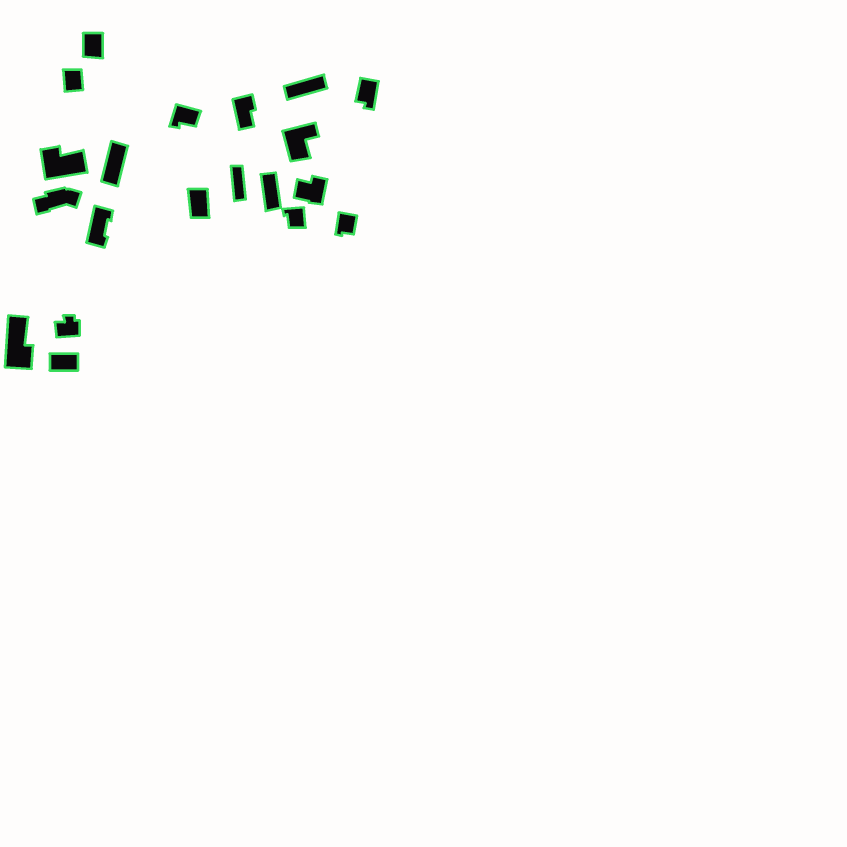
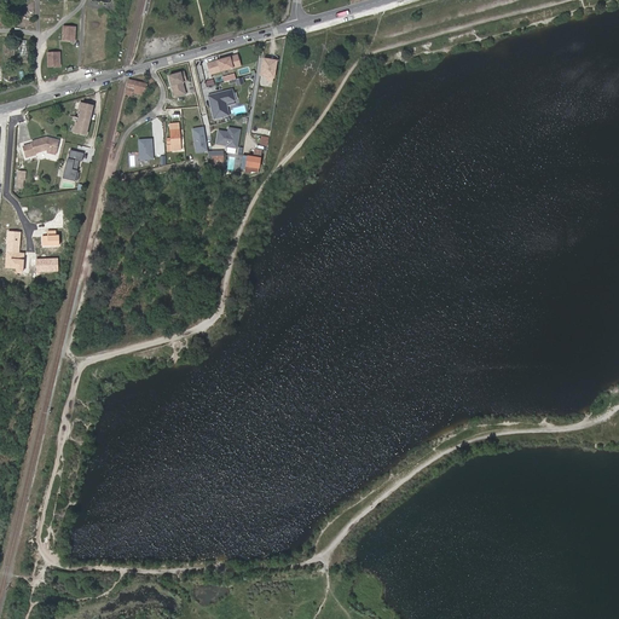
building: [41,146,87,179] -> none

